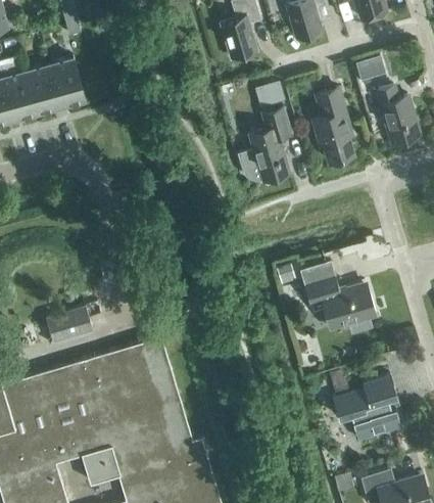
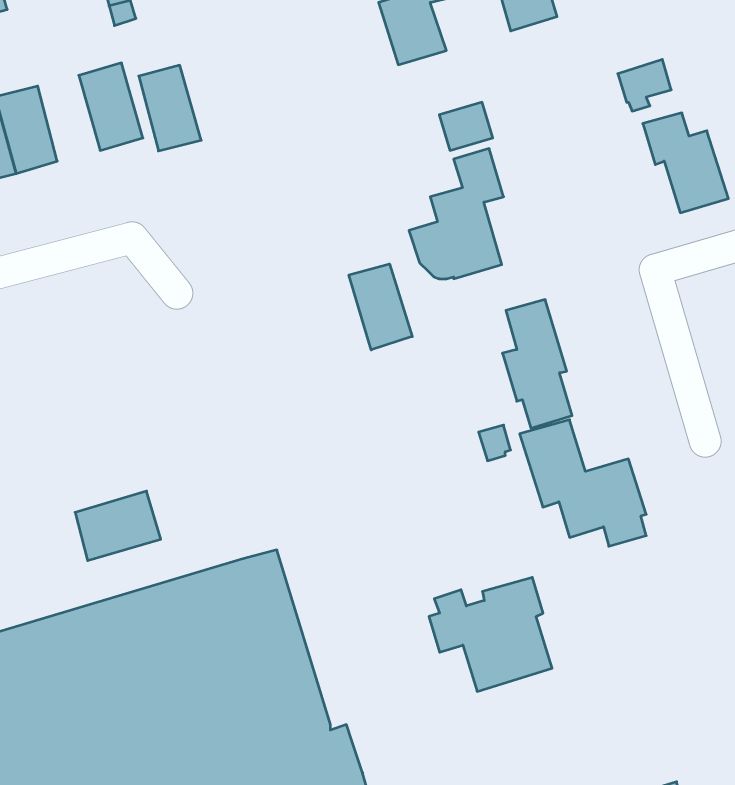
building: [25,65,60,115] -> [139,65,201,151]
building: [312,89,352,163] -> [502,300,572,428]
building: none -> [349,264,412,350]
building: [331,376,401,442] -> [429,577,552,691]

